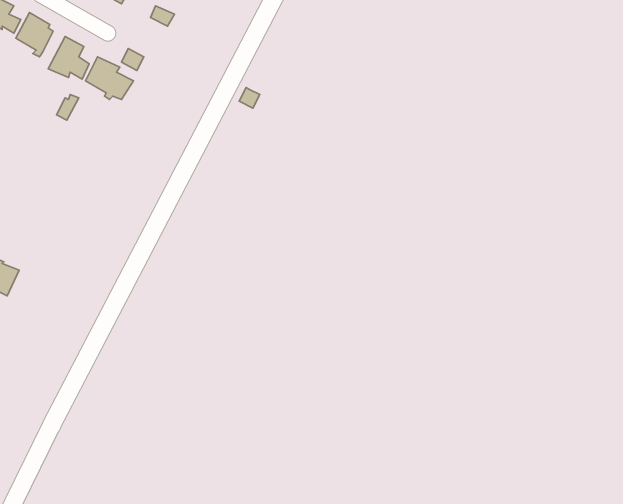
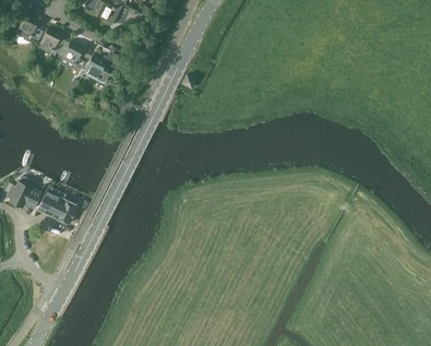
building: none -> [37,189,79,224]

